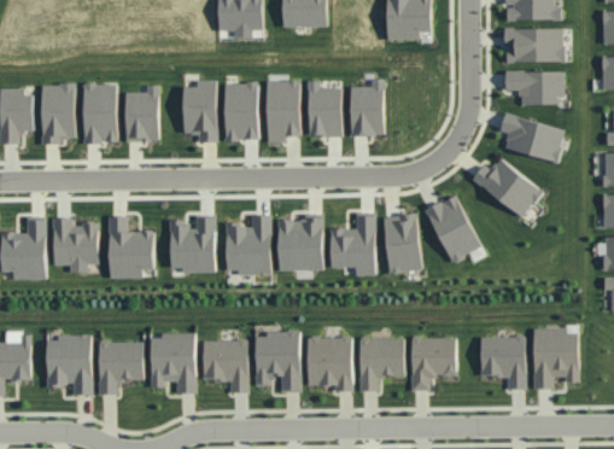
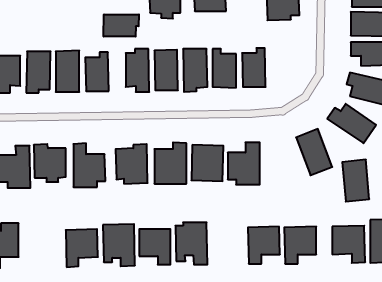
building: none -> [104,14,139,37]
building: [384,215,422,275] -> [342,160,369,202]
building: [47,334,92,395] -> none
building: [308,336,352,390] -> none

